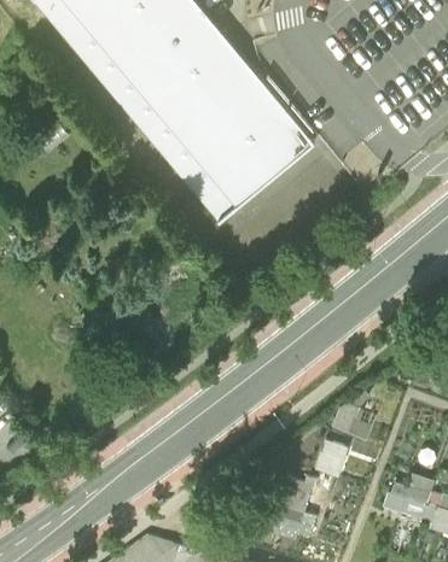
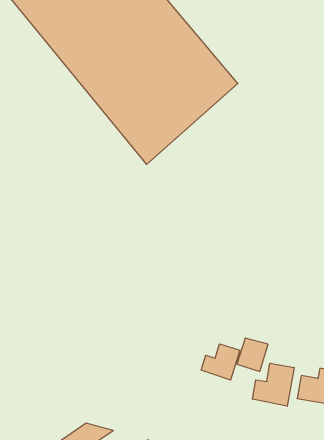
building: none -> [201,344,240,380]
building: none -> [252,363,294,406]

